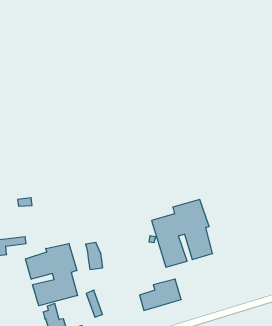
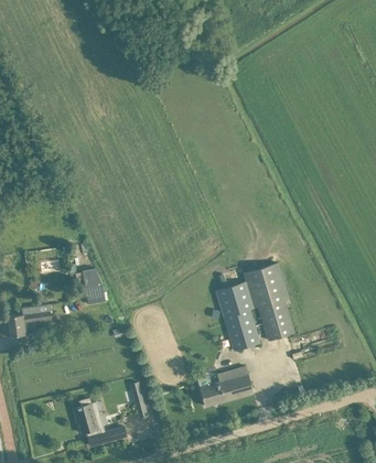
building: [86,242,103,269] -> [83,268,105,303]
building: [26,243,78,306] -> none

